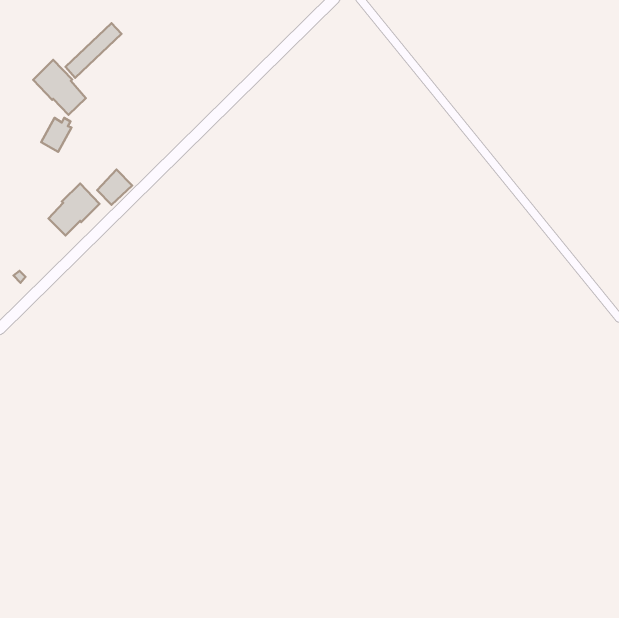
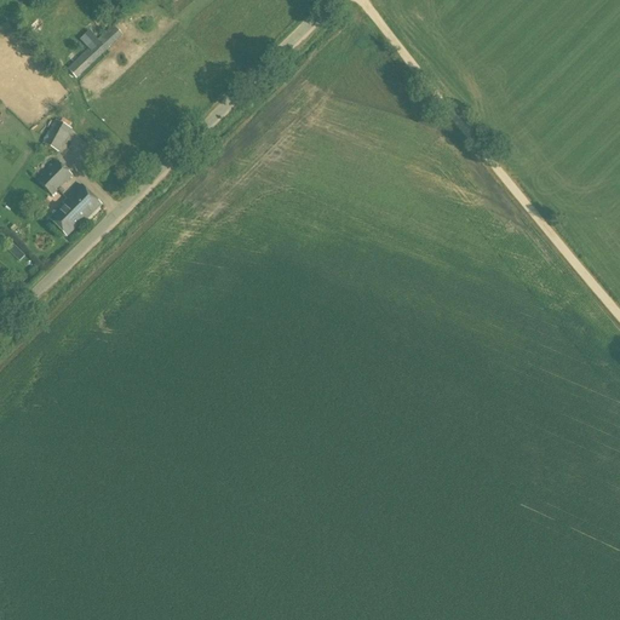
building: [33,60,86,115] -> none
building: [97,170,132,205] -> [36,159,71,194]

